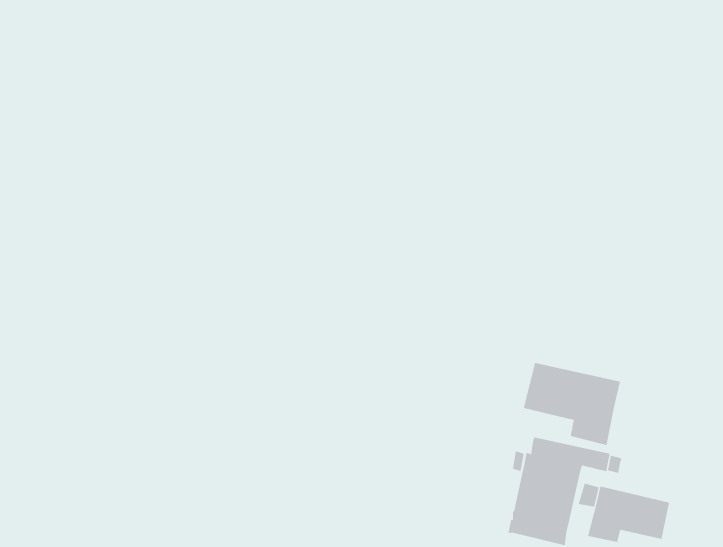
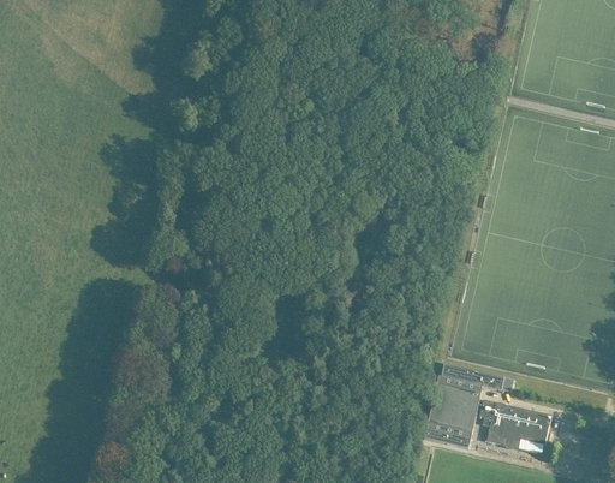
building: [523,362,621,446] -> none

